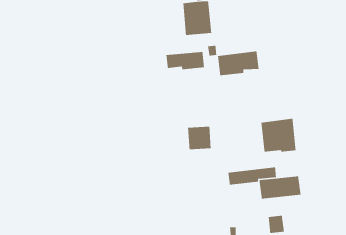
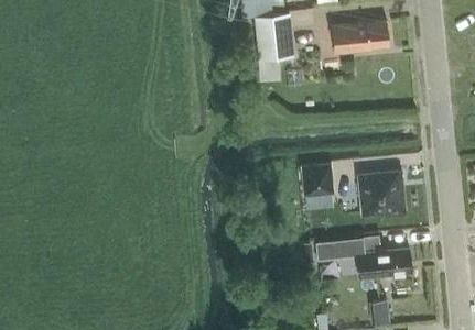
building: [217,51,260,76] -> [332,20,389,54]
building: [165,51,205,70] -> none
building: [187,126,212,150] -> [302,163,335,196]

